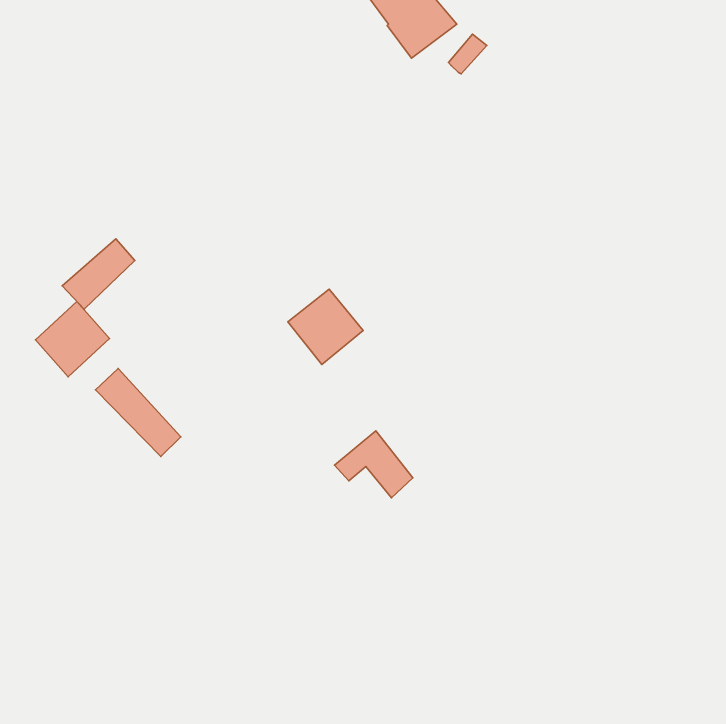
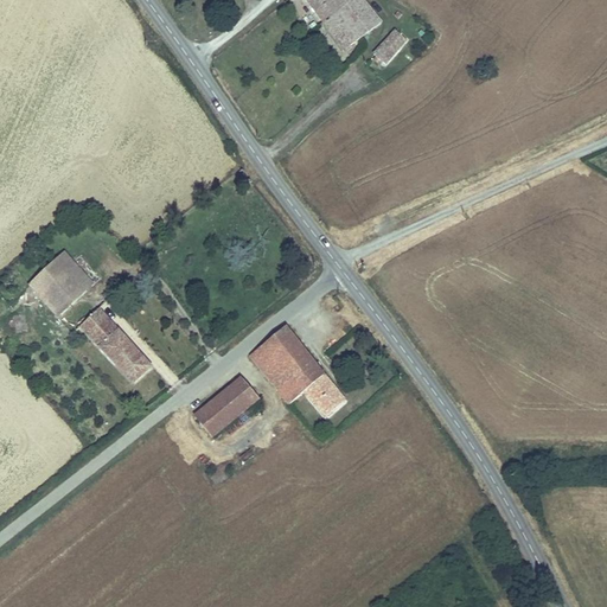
building: [62,239,135,309] -> none
building: [288,289,363,365] -> [250,325,313,388]
building: none -> [194,376,258,435]

